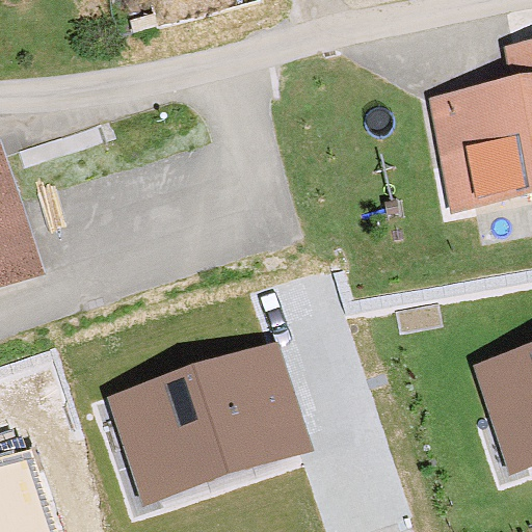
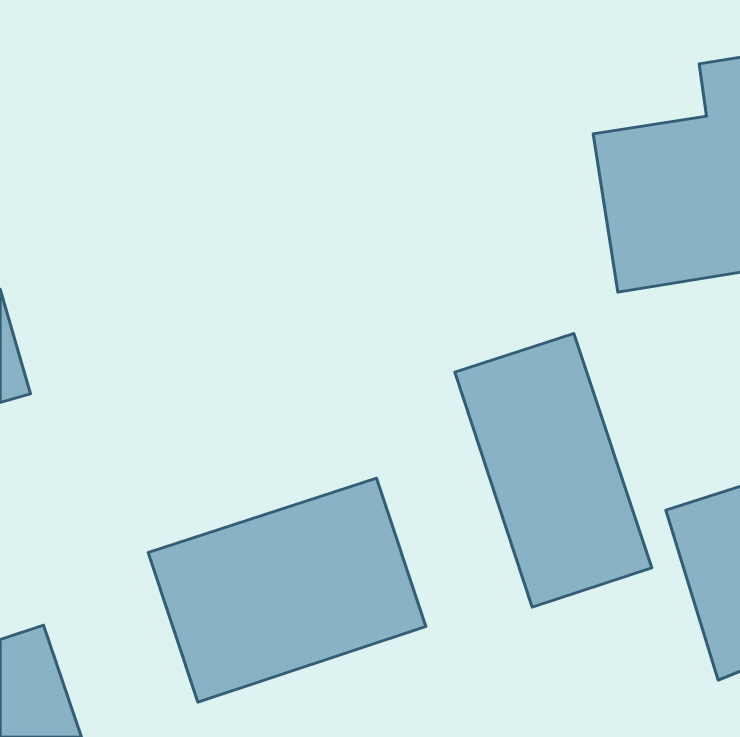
building: none -> [455,334,652,607]

